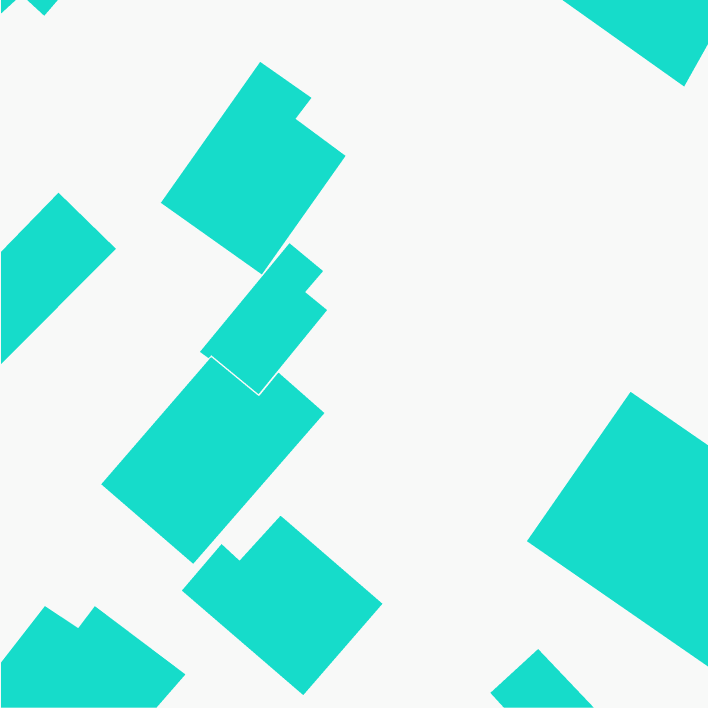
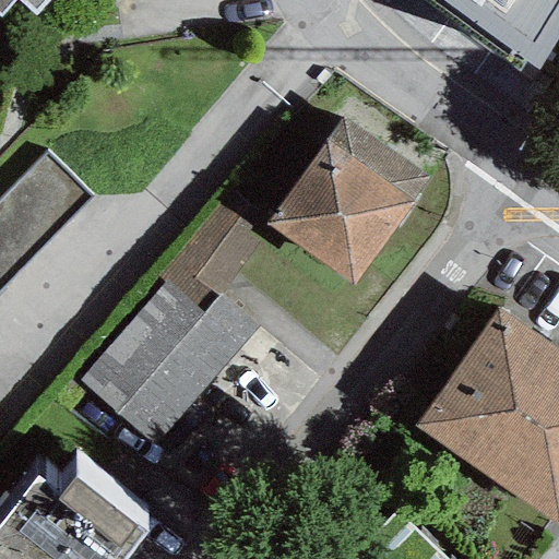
building: [160,61,346,275] -> none
building: none -> [266,116,430,285]
building: [181,515,383,696] -> none

